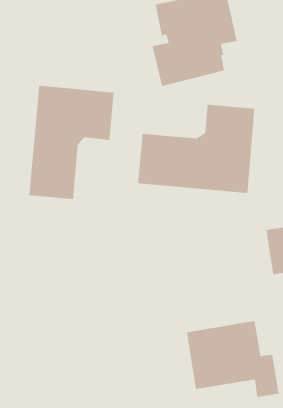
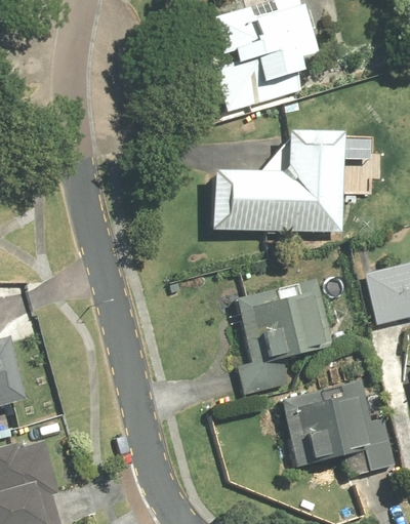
building: [29,85,114,200] -> none
building: none -> [236,277,332,395]

